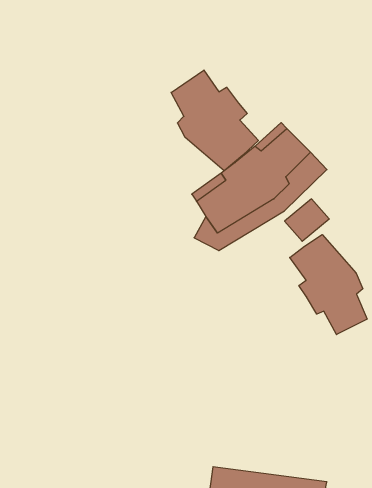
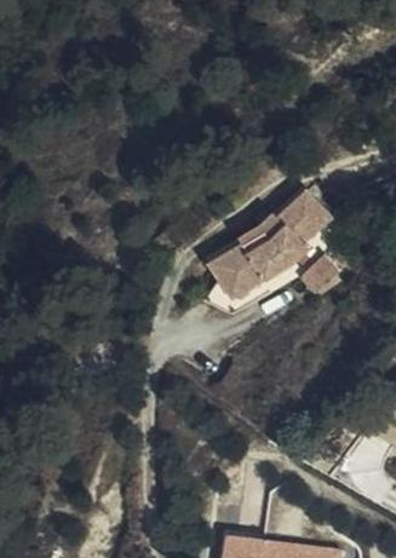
building: [171,70,258,171] -> none
building: [290,235,367,335] -> none

